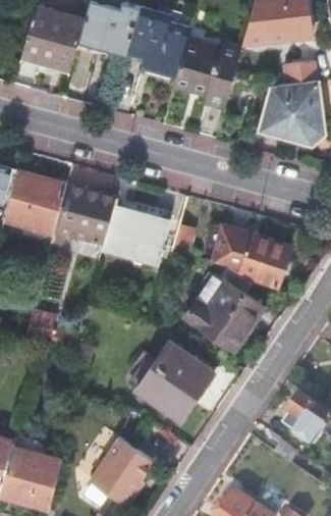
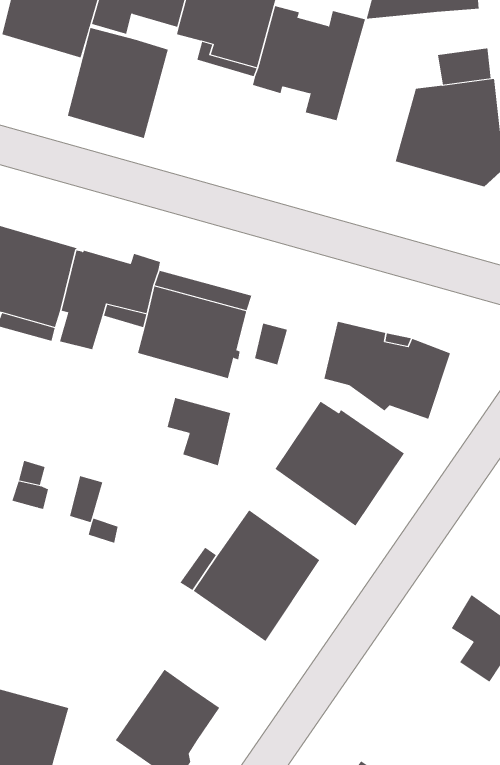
building: none -> [67,27,168,139]
building: none -> [167,397,231,466]

